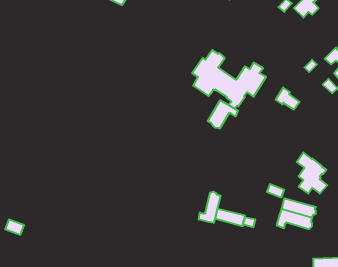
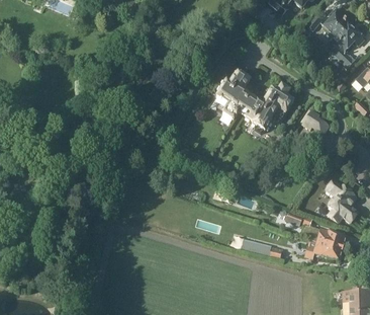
building: none -> [330,25,363,72]
building: [208,100,238,129] -> none
building: [199,192,220,223] -> none

